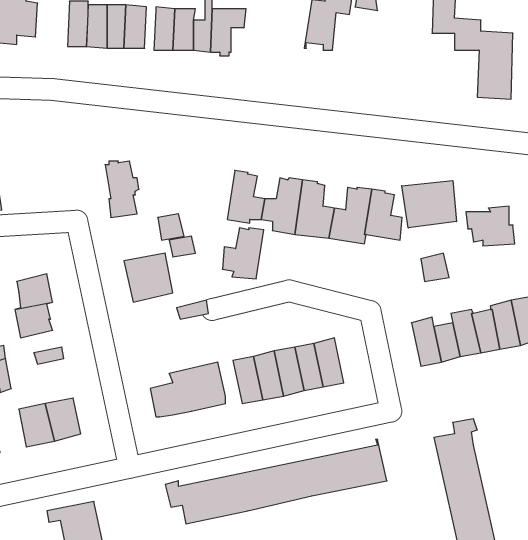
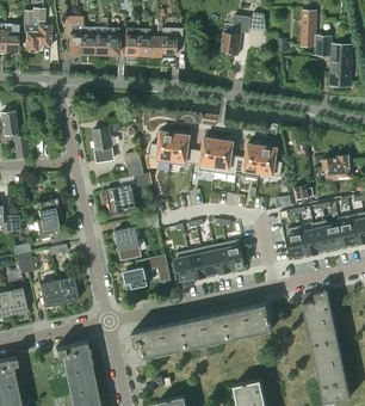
building: [402,181,456,228] -> none
building: [222,228,264,279] -> [150,131,177,164]
building: none -> [115,227,142,262]

